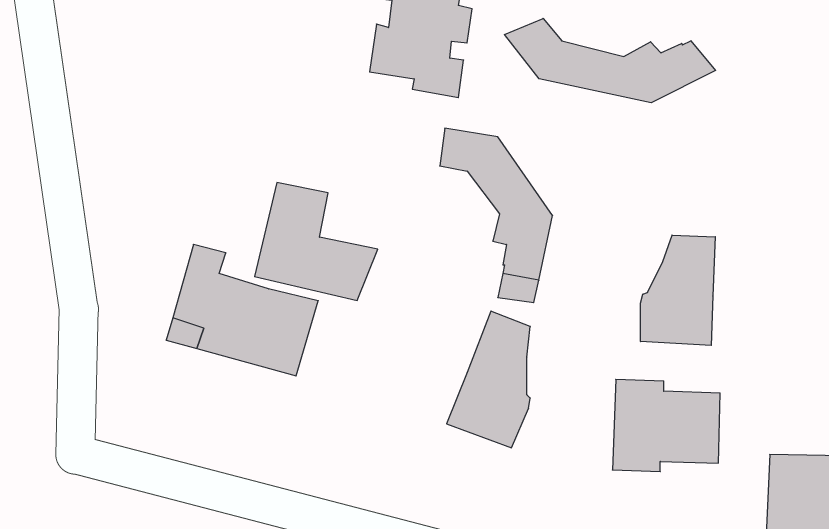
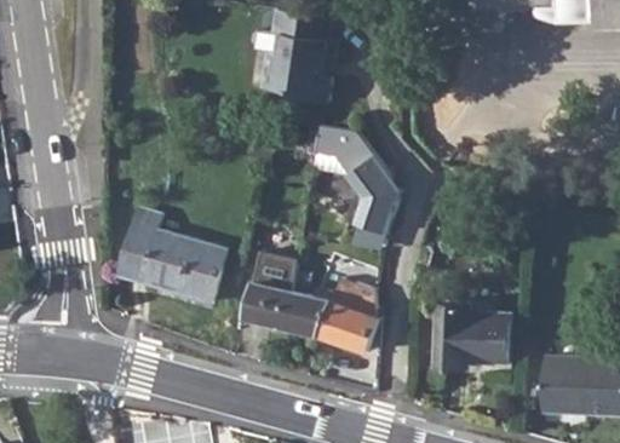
building: [504,18,716,103] -> none
building: [255,183,378,300] -> [245,251,332,334]
building: [640,235,715,345] -> none

